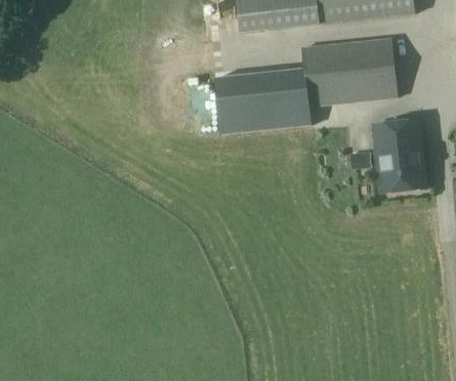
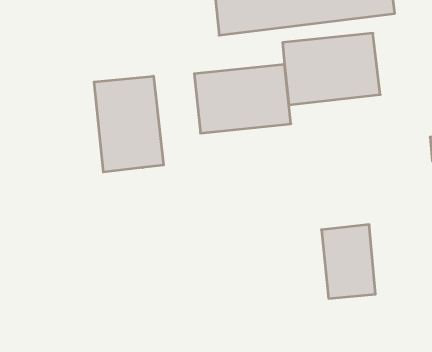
building: none -> [94,76,164,172]
building: [373,118,426,190] -> [321,225,375,298]

